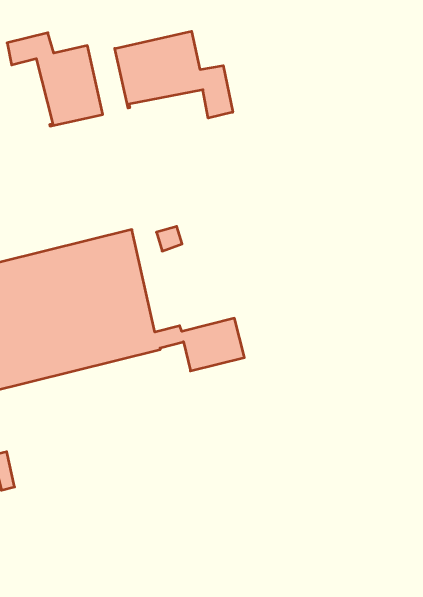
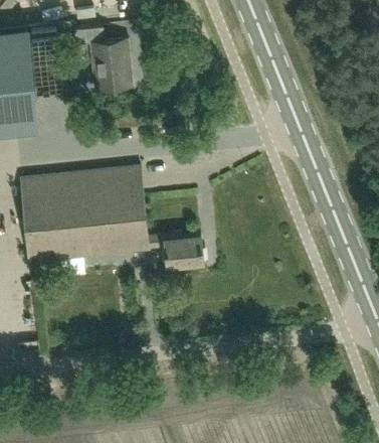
building: [115,31,233,118] -> none

